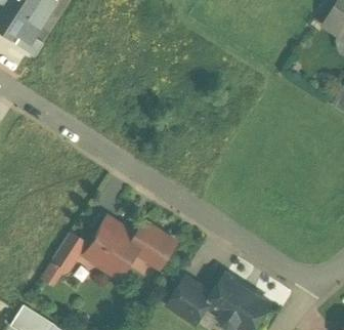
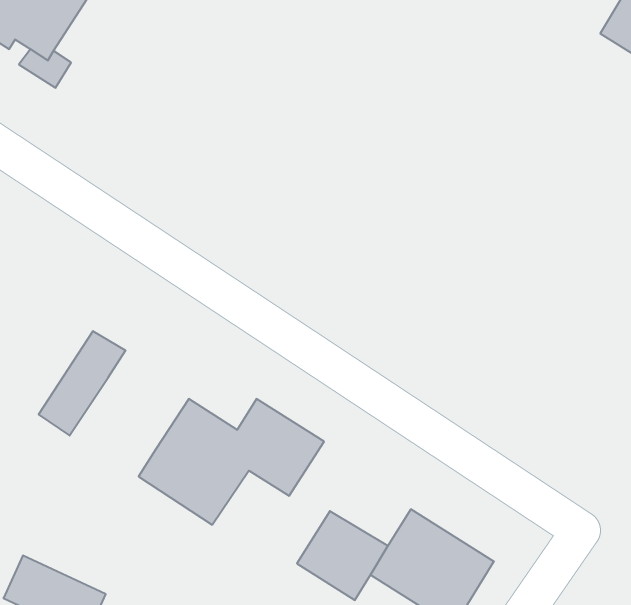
building: [42,235,88,290] -> [39,331,126,436]

